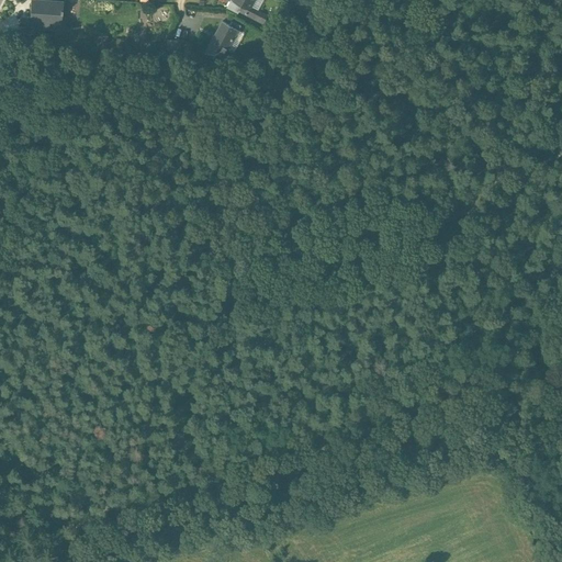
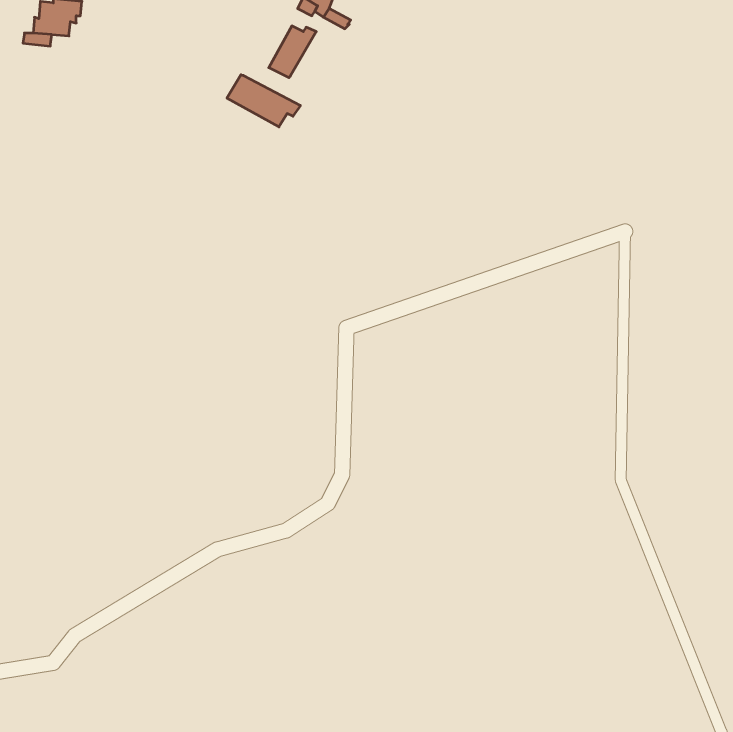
building: none -> [227,75,300,127]

